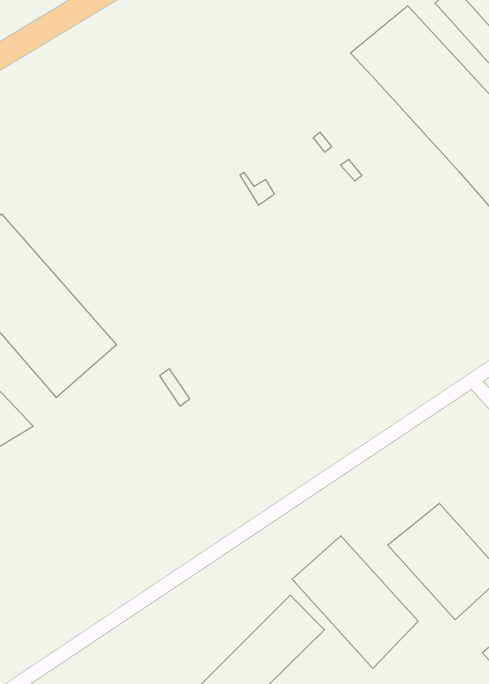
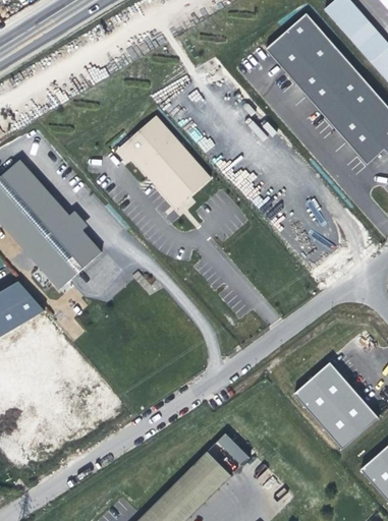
building: none -> [121,119,210,207]
building: [292,536,418,668] -> none

